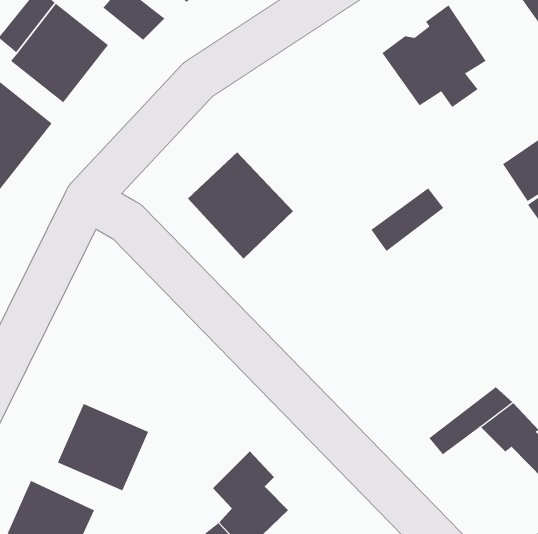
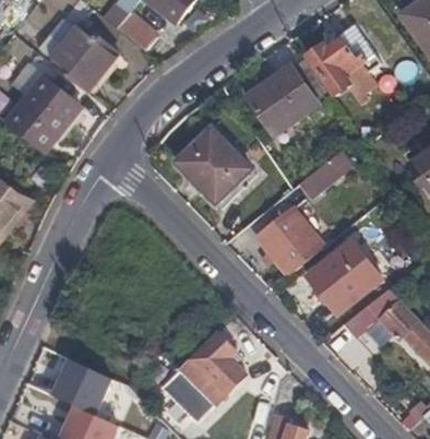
building: none -> [247,69,319,138]
building: none -> [255,205,324,275]
building: none -> [307,244,379,313]
building: [57,403,149,491] -> none

